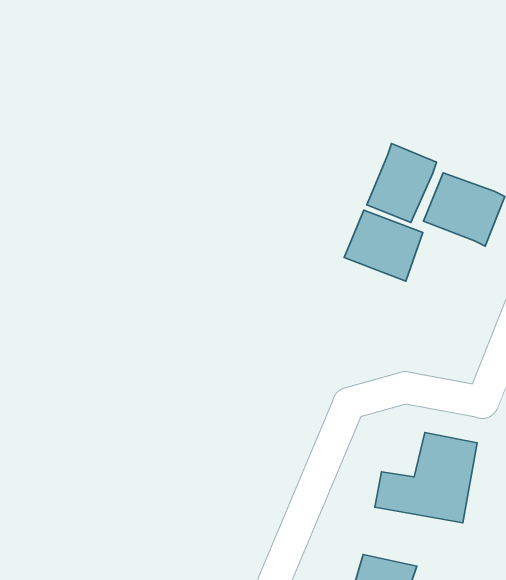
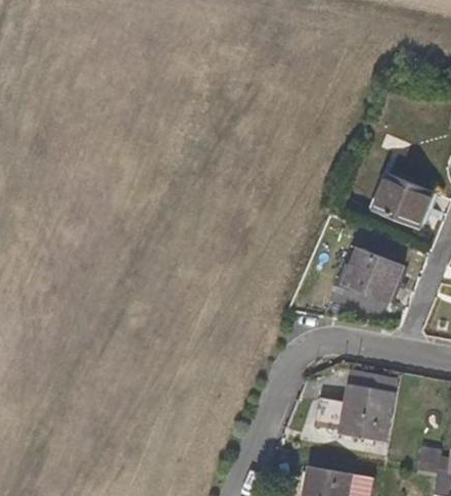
building: [367,144,436,222] -> none
building: [344,210,423,281] -> [341,251,402,306]

